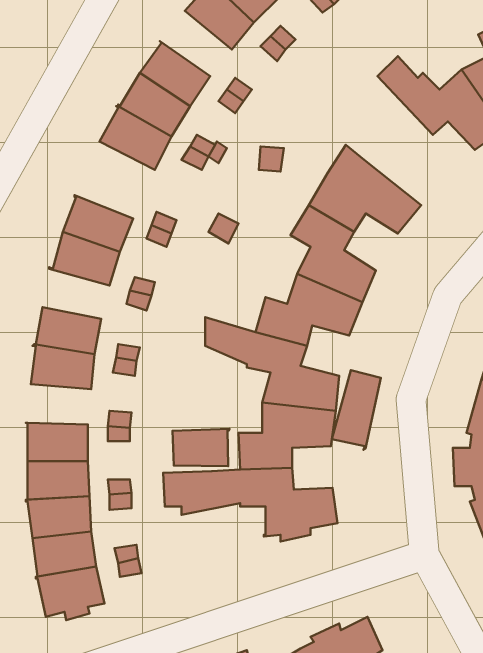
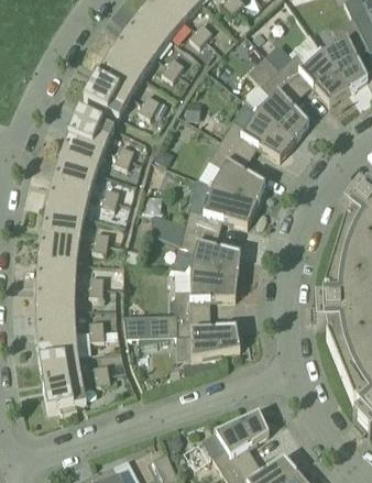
building: none -> [122,12,169,55]
building: none -> [248,55,308,140]
building: none -> [66,109,113,149]
building: none -> [45,182,89,215]
building: [332,370,381,450] -> none
building: none -> [34,257,77,284]
building: [173,429,230,466] -> none

